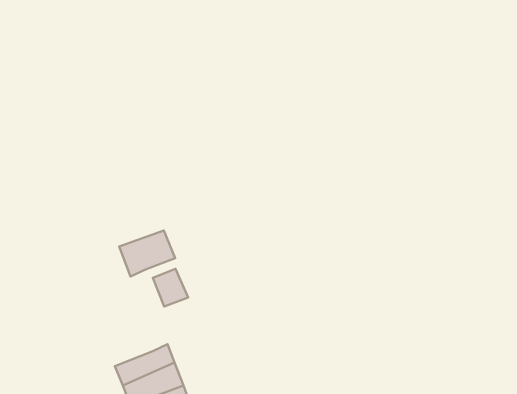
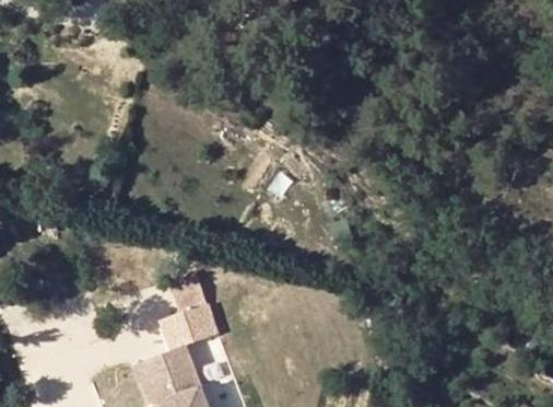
building: [119,231,175,276] -> [161,309,214,352]

